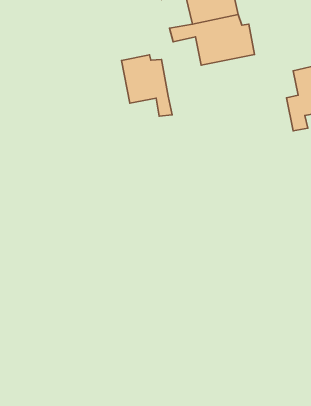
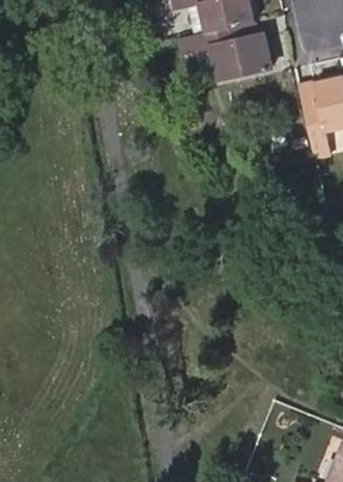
building: [122,55,172,116] -> none

